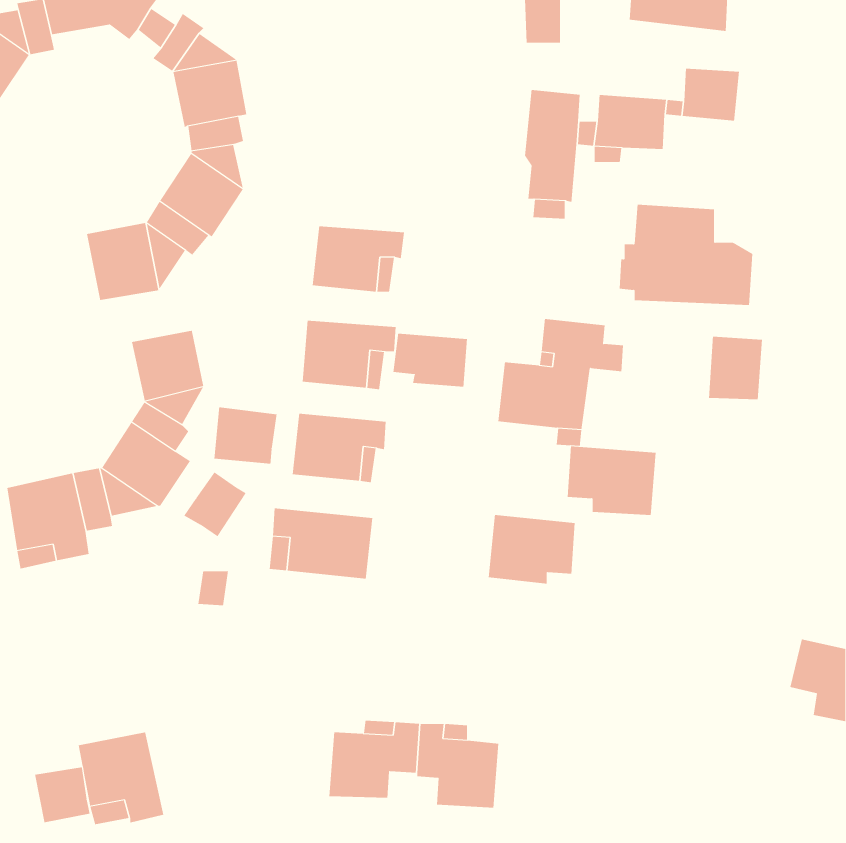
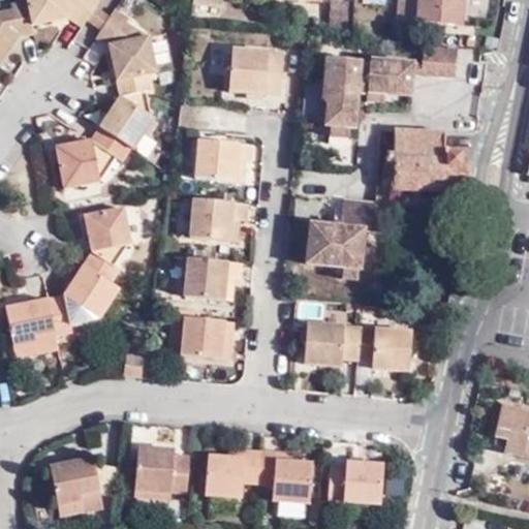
building: none -> [227,48,282,94]
building: [393,333,468,387] -> none
building: [708,336,762,400] -> none
building: [214,406,277,465] -> none
building: [567,446,657,515] -> [356,325,412,369]
building: [184,472,246,537] -> none
building: none -> [135,450,190,495]
building: none -> [326,461,381,503]
building: [34,767,90,823] -> none

